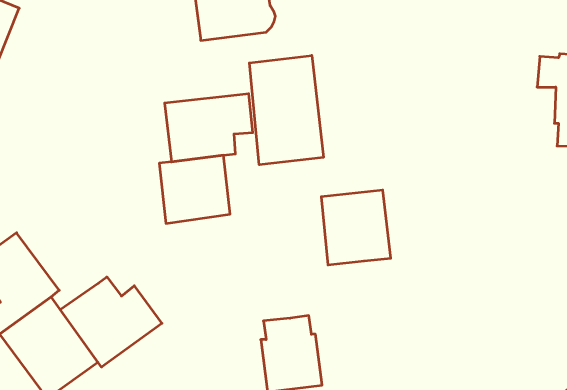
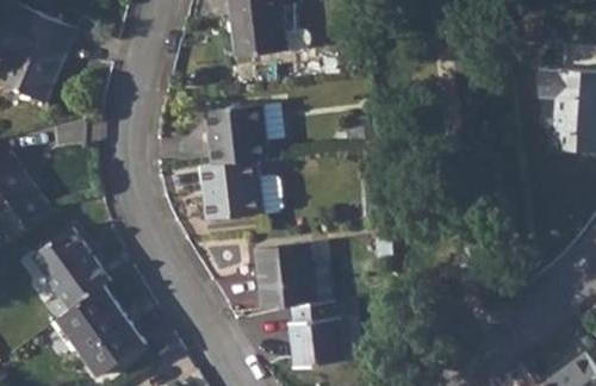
building: [249,55,323,165] -> none
building: [321,190,391,265] -> [254,243,316,310]
building: [60,277,162,367] -> none

